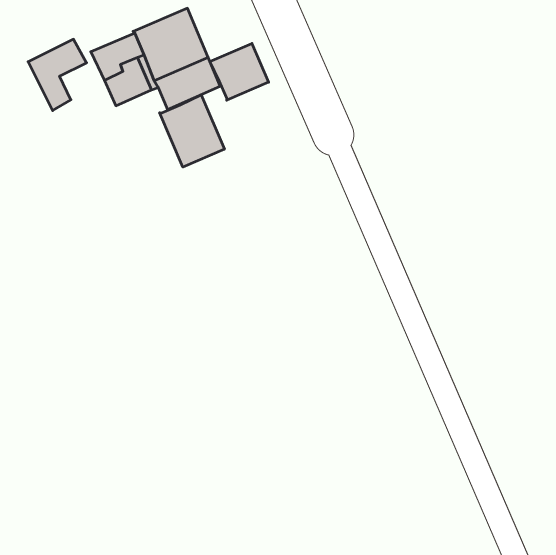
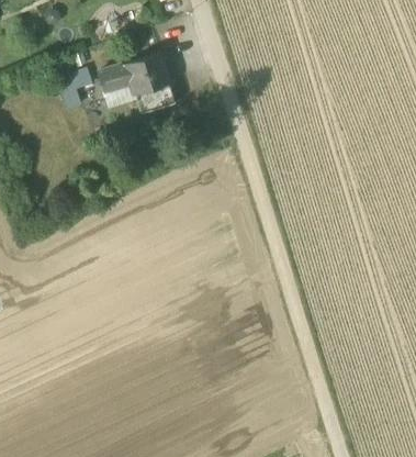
building: [210,43,269,100] -> none
building: [160,95,224,167] -> none

